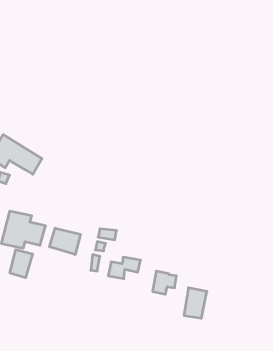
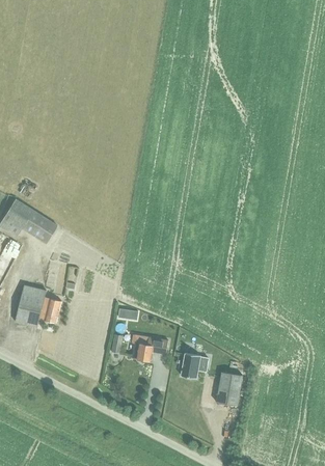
building: [50,228,80,255] -> none
building: [10,250,33,278] -> none

